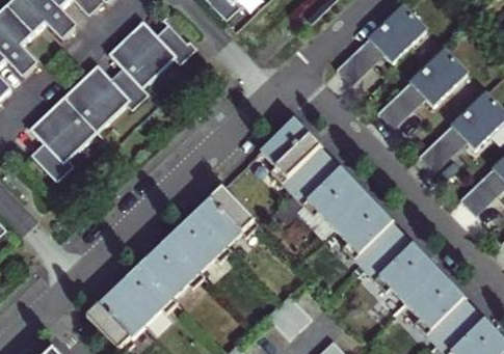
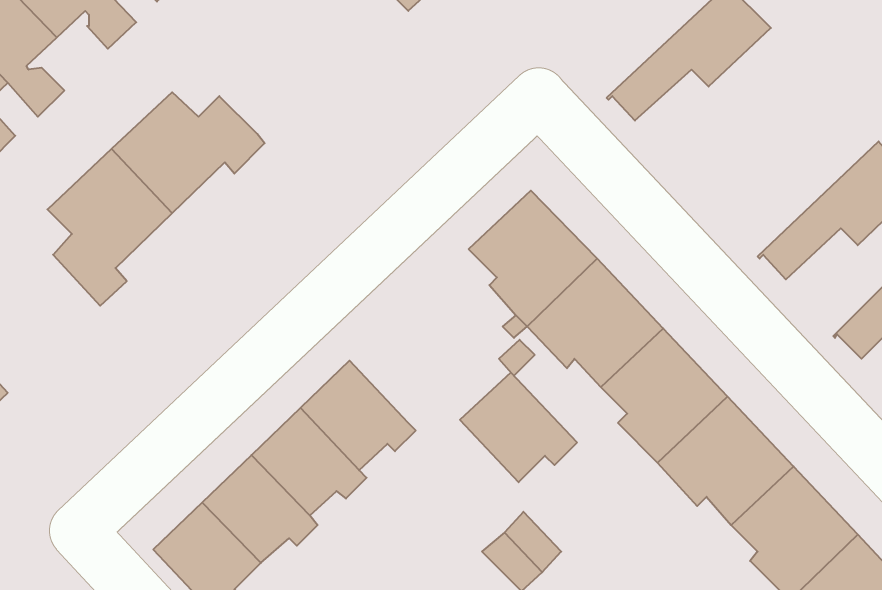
building: [108,20,193,87] -> none
building: [377,48,468,124] -> none
building: [194,186,259,246] -> [460,373,577,482]

